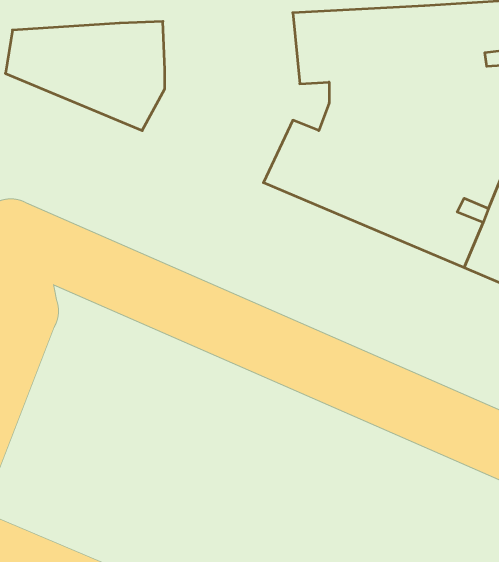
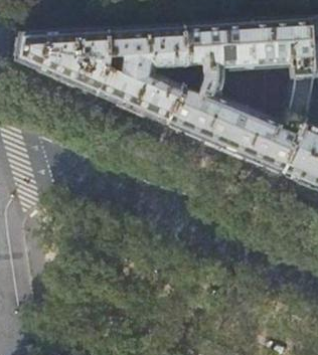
building: none -> [98,26,189,125]

